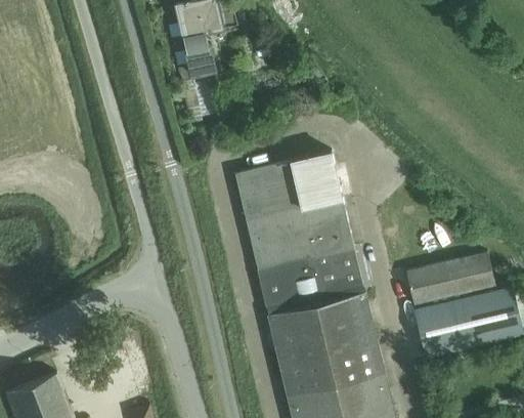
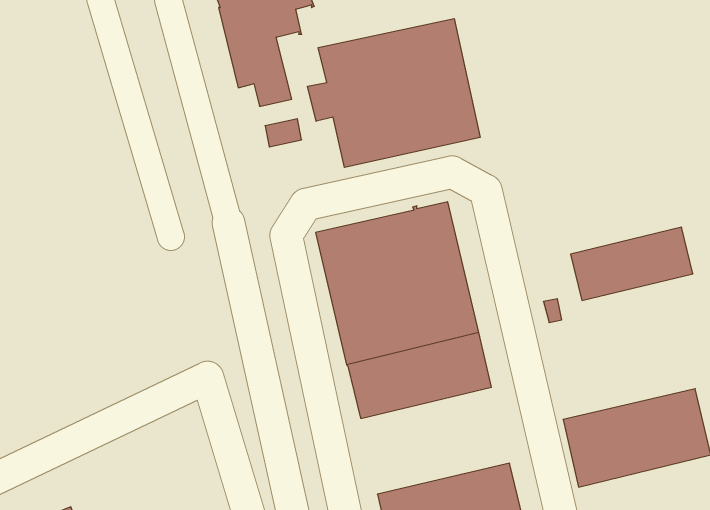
building: none -> [308,19,480,167]
building: [406,252,495,305] -> [571,227,693,300]
building: [269,286,377,364] -> none

